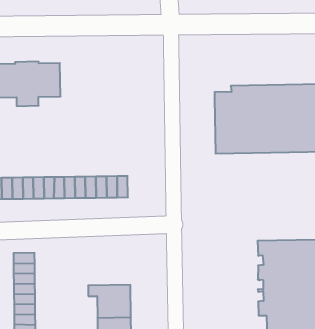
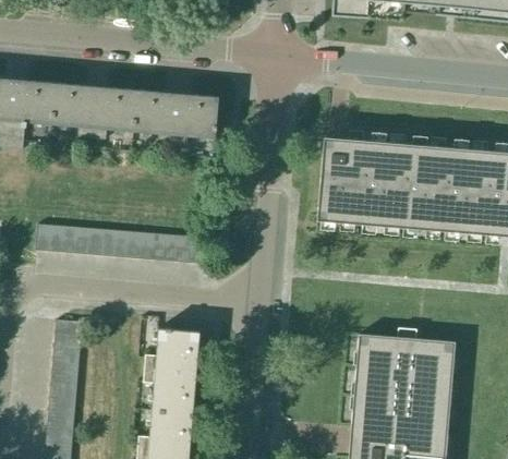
building: none -> [133,89,218,146]
building: none -> [144,328,199,373]

